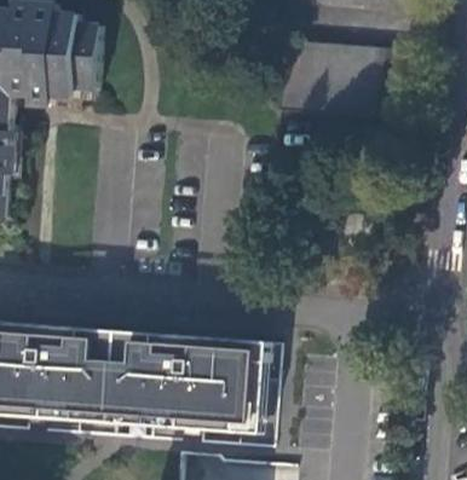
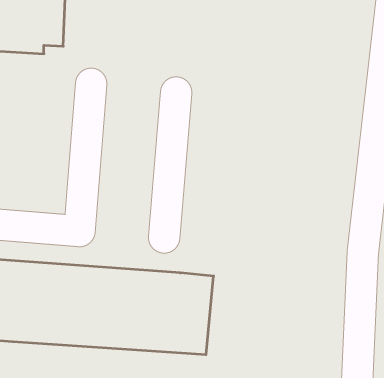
building: [282,39,413,117] -> none

